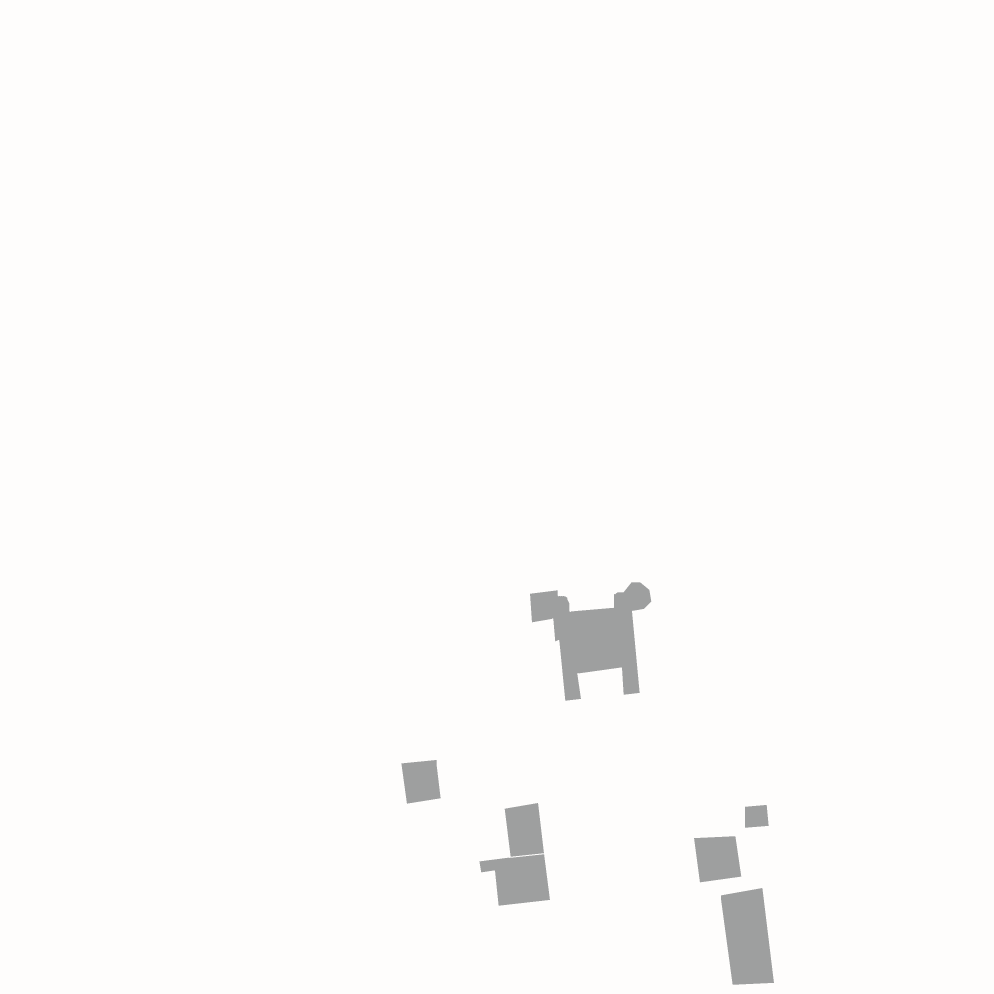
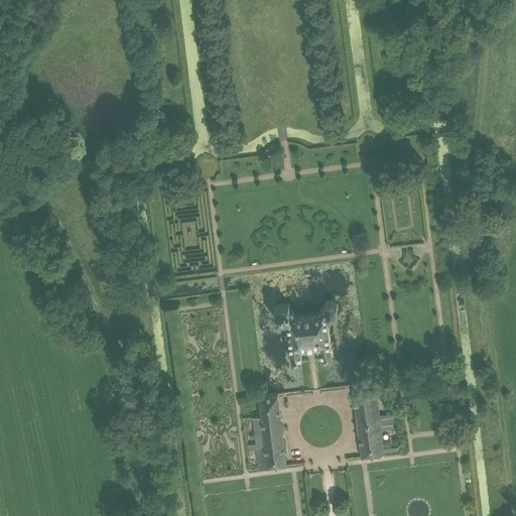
building: [400,759,441,804] -> [257,396,278,419]
building: [720,887,775,985] -> [352,384,380,434]

